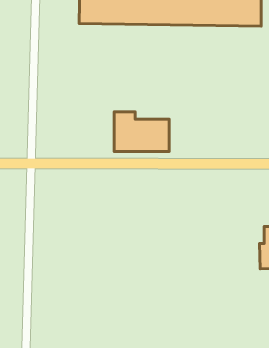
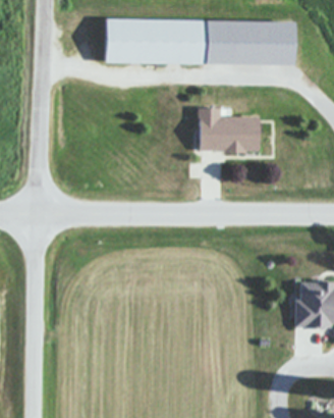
building: [114,112,169,151] -> [200,108,259,151]

